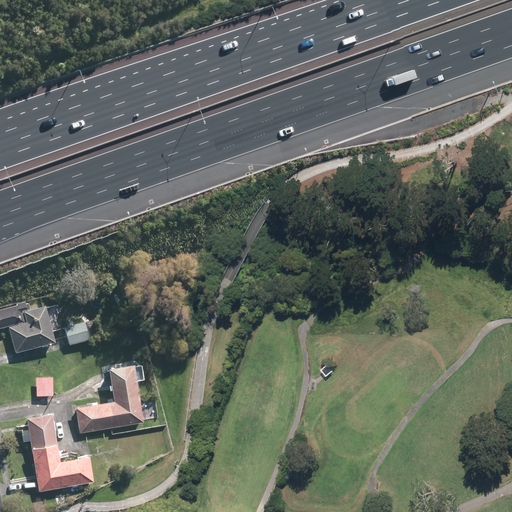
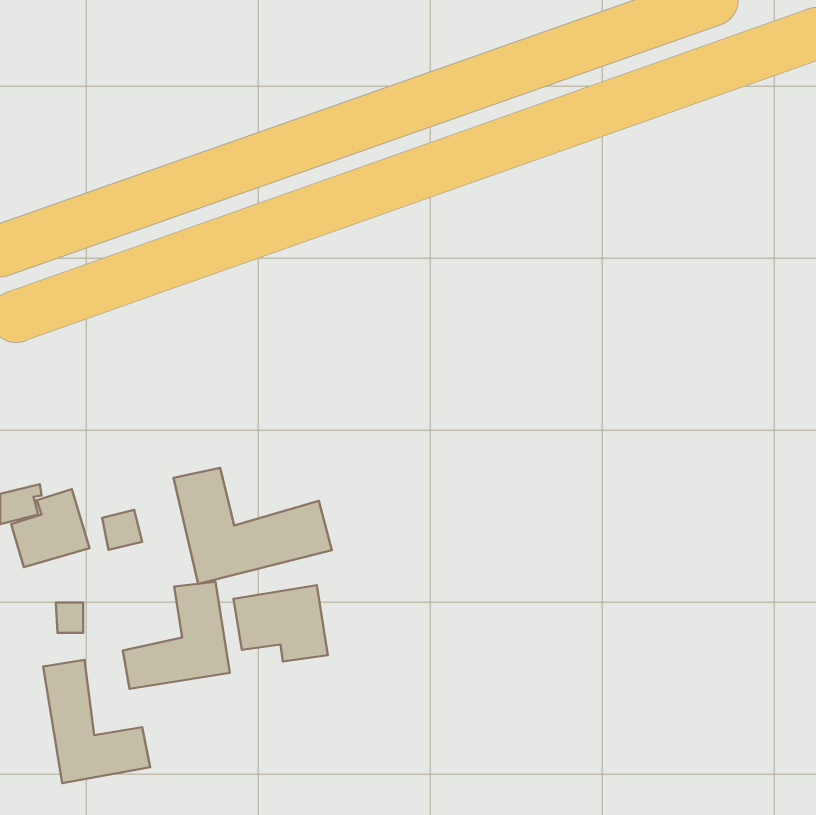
building: none -> [174,468,332,584]
building: none -> [234,585,328,662]

